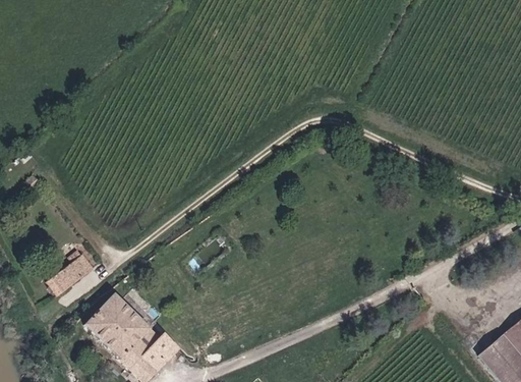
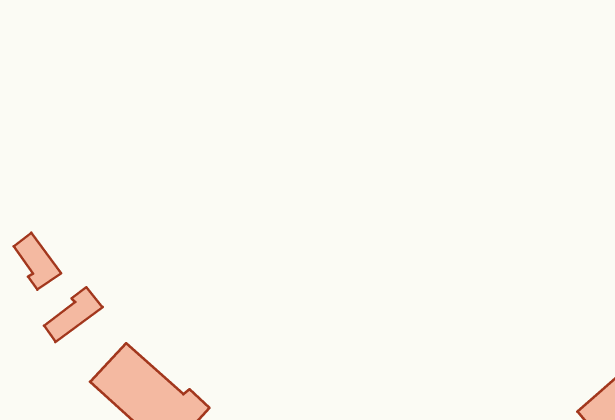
building: none -> [14,233,61,290]

